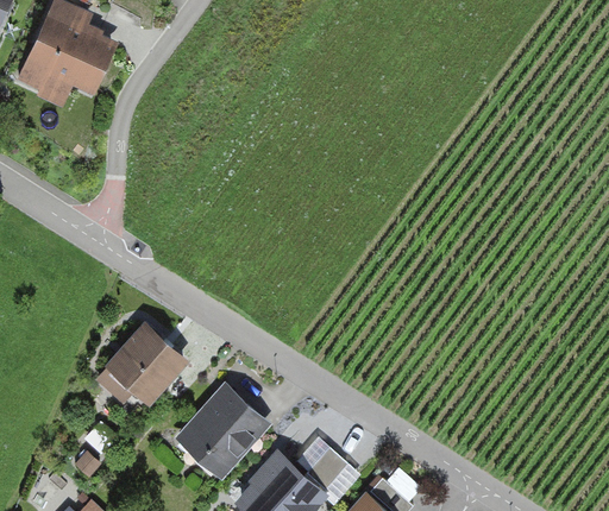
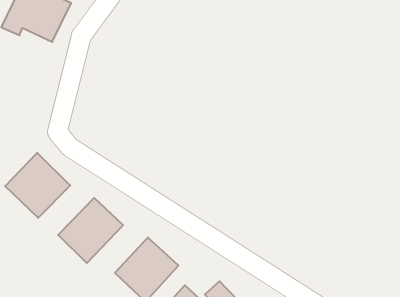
building: none -> [5,153,70,218]

